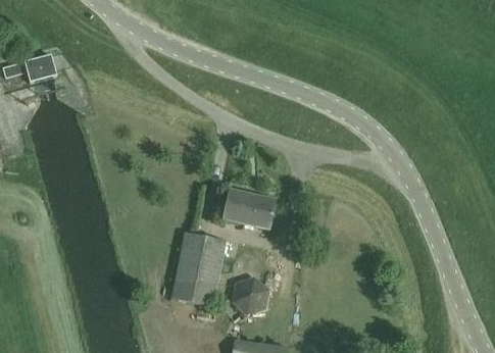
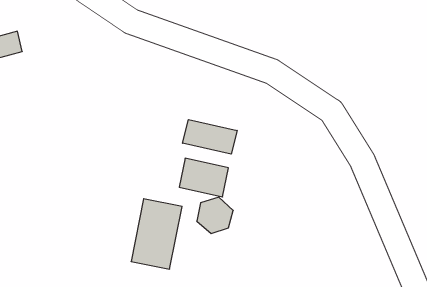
building: none -> [183,120,237,154]
building: [231,275,269,314] -> [197,197,233,234]

